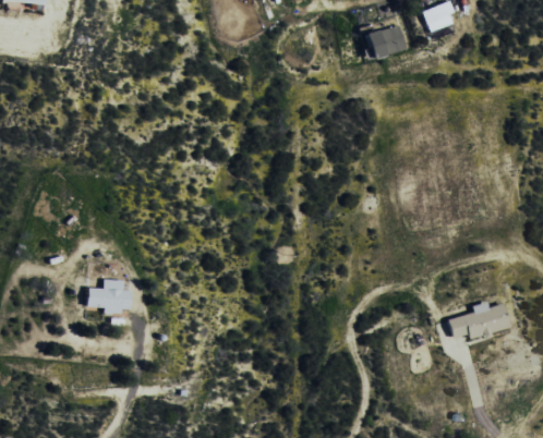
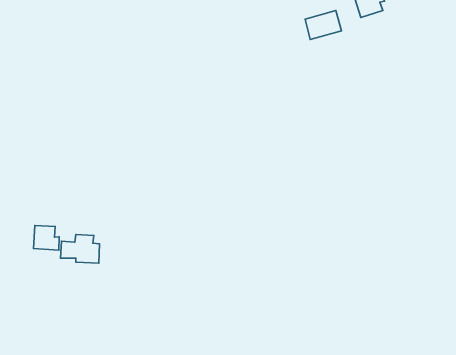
building: none -> [34,226,59,250]
building: [448,302,511,340] -> none

